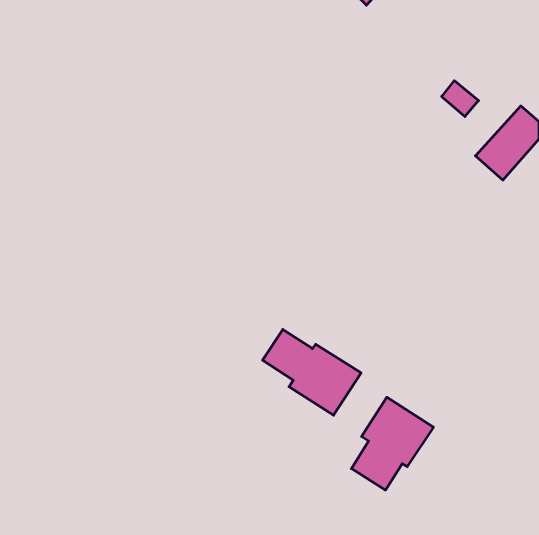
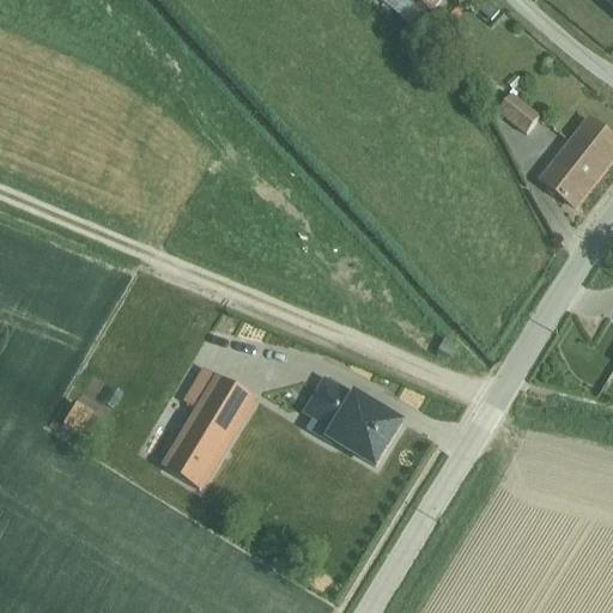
building: none -> [162,376,257,490]
building: [351,397,433,490] -> none

